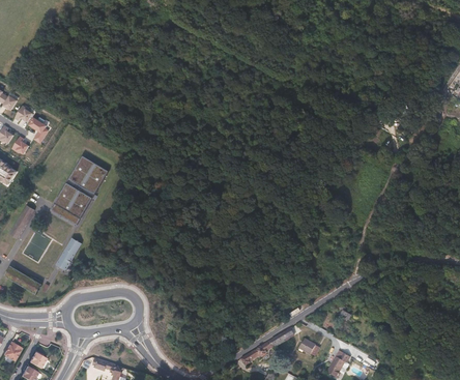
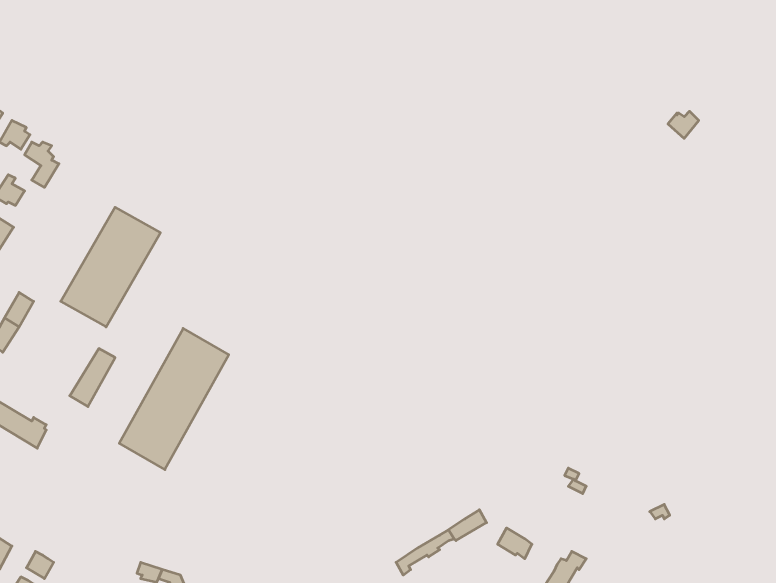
building: none -> [119,328,229,470]

